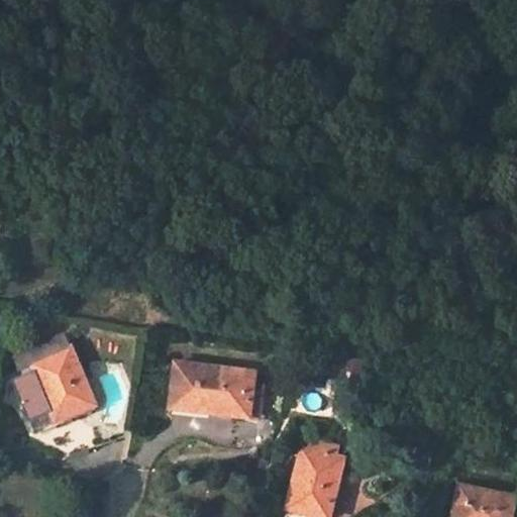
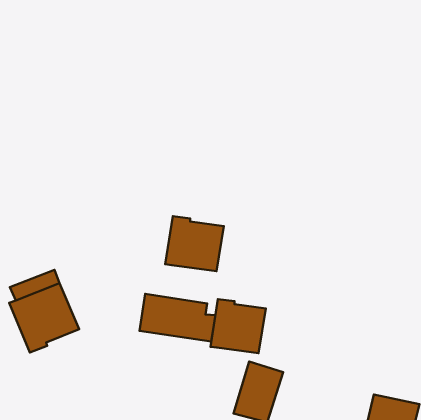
building: none -> [165,216,224,271]
building: none -> [211,299,266,353]

